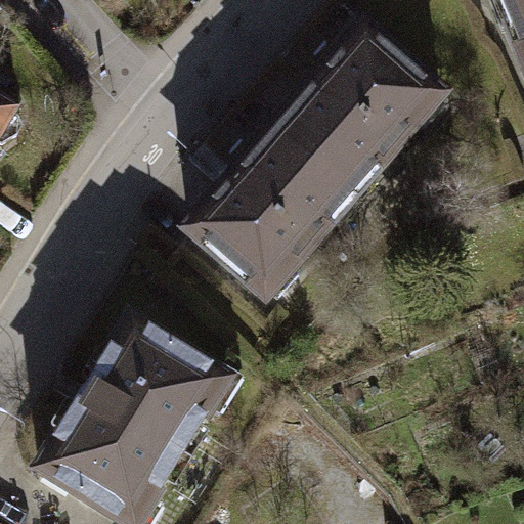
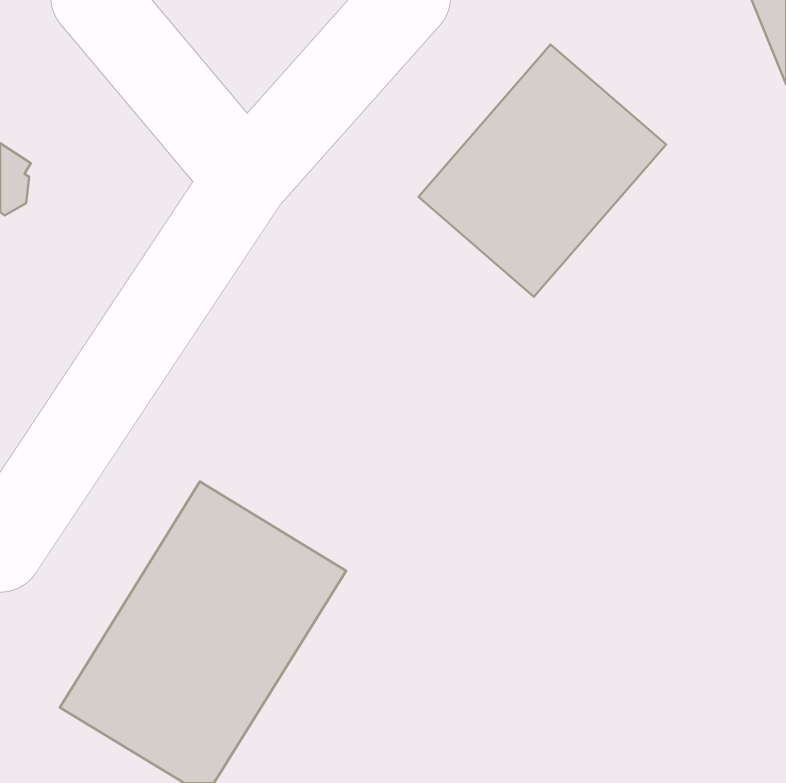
building: [190,131,355,298] -> none

